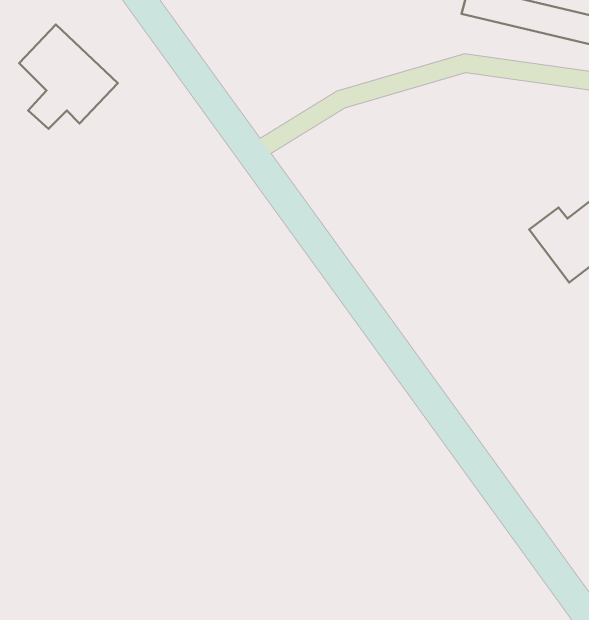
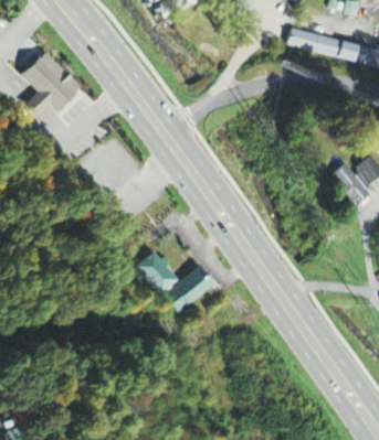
building: none -> [138,250,213,314]

